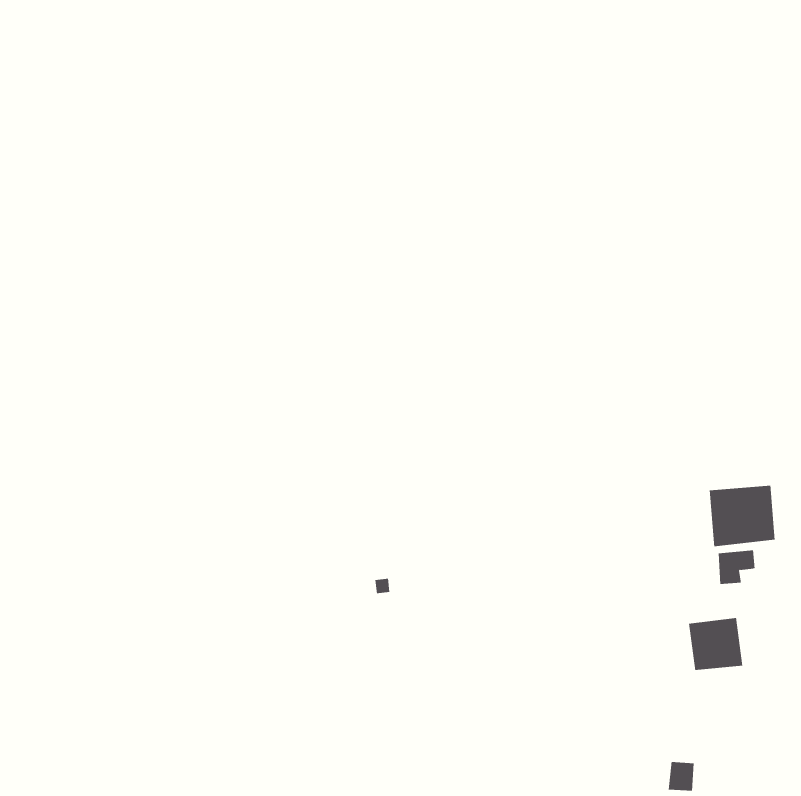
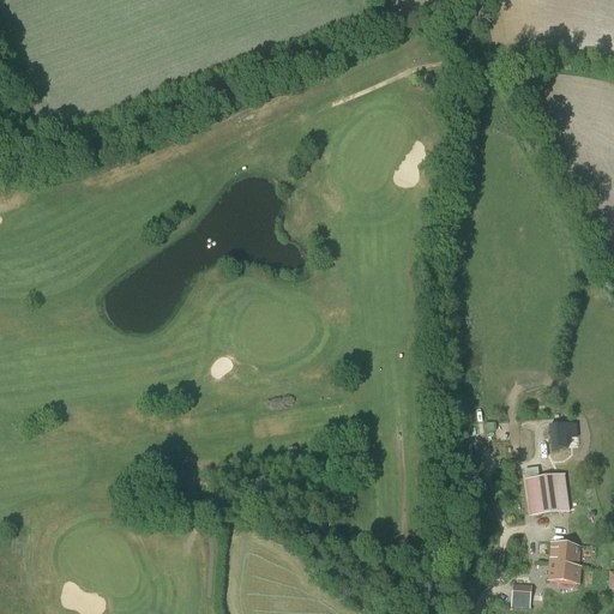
building: [709,485,775,547] -> none
building: none -> [548,542,580,582]

